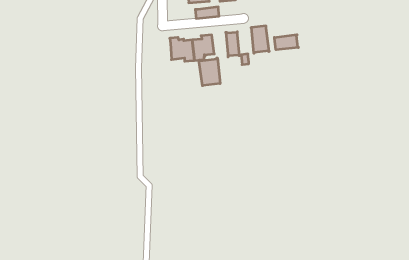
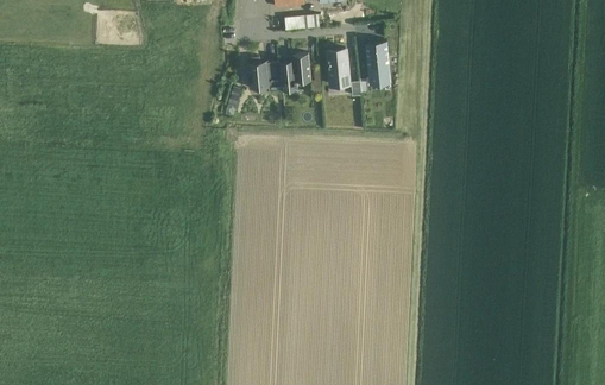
building: [274,35,298,50] -> none
building: [199,58,220,86] -> none

